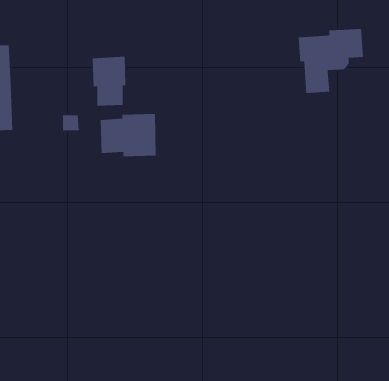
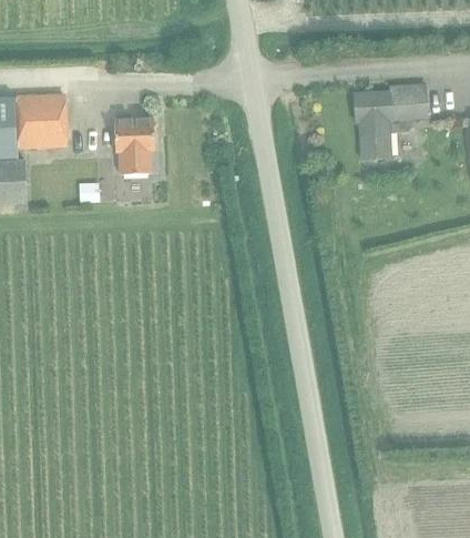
building: none -> [19,99,67,148]
building: [100,113,156,157] -> none

